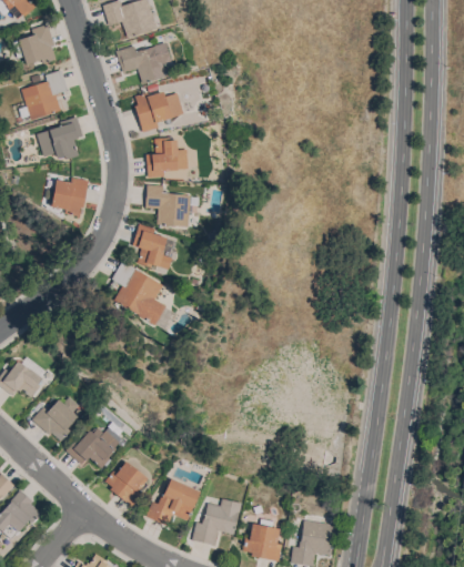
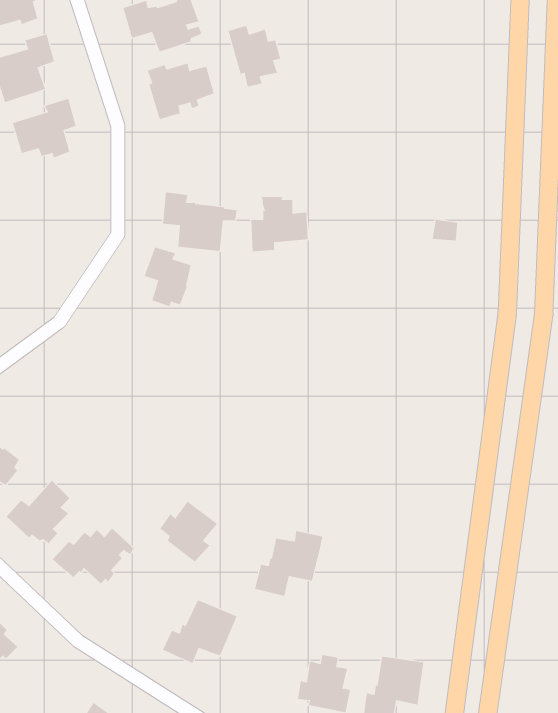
building: none -> [228,25,281,88]
building: [147,138,189,178] -> [250,197,309,252]
building: [52,178,89,216] -> none
building: [112,261,165,325] -> none
building: [105,462,148,506] -> [160,501,218,562]
building: [192,498,242,546] -> [254,530,323,596]

